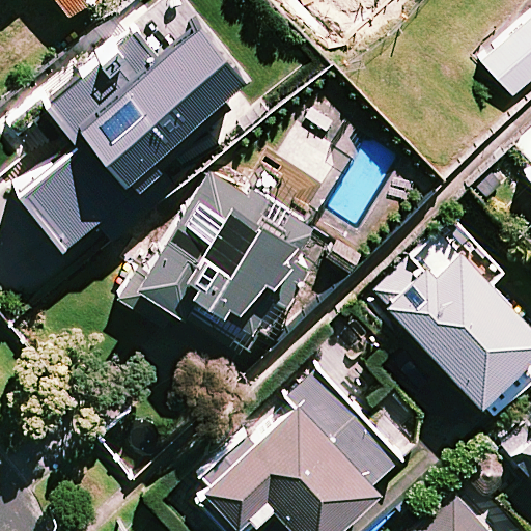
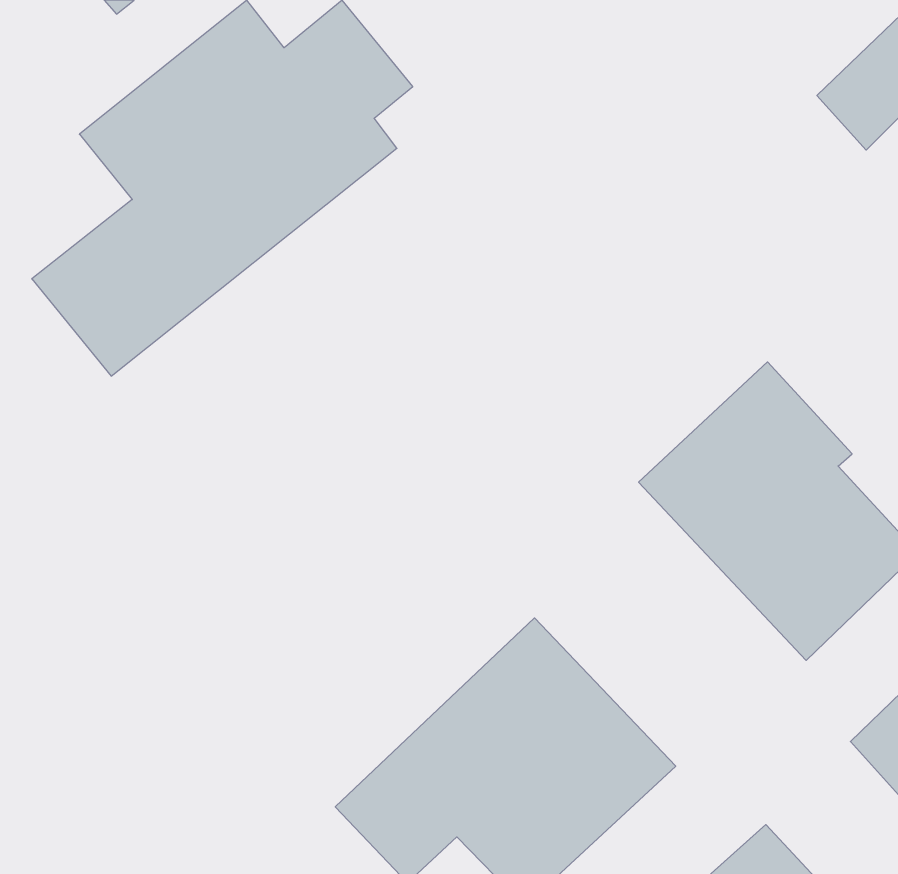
building: [141,174,329,351] -> none

